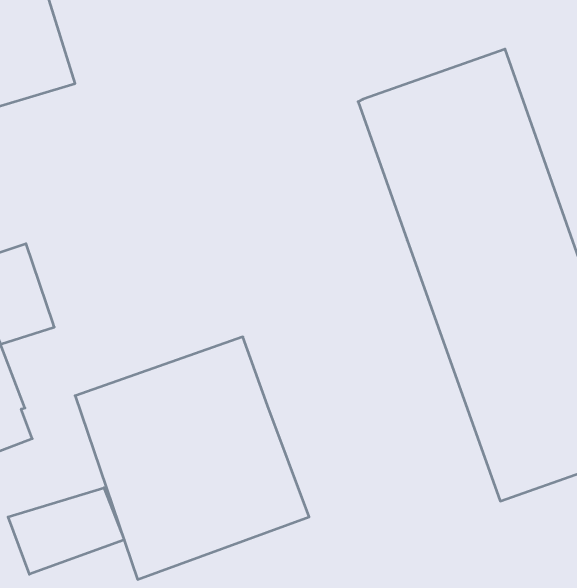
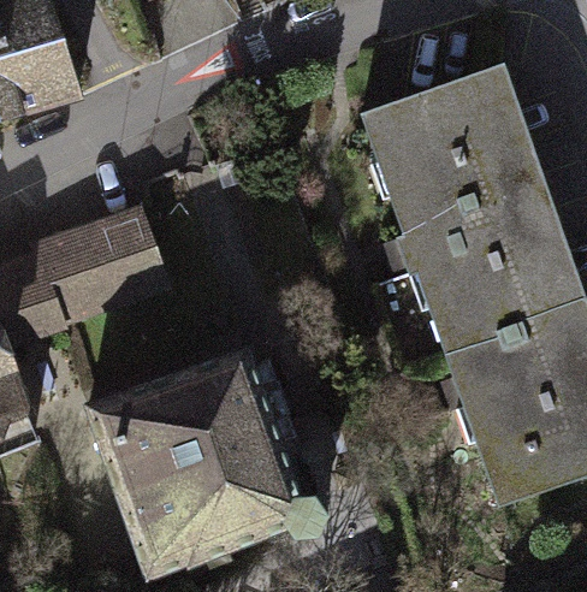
building: none -> [30,205,173,331]
building: [8,488,124,574] -> none

